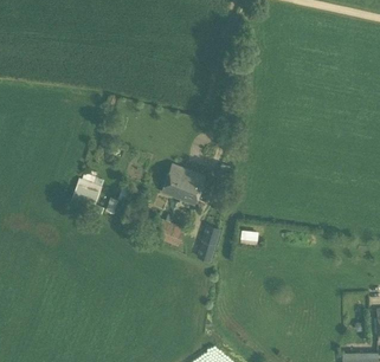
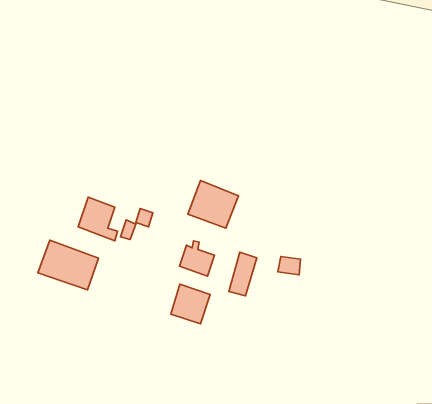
building: none -> [38,240,99,290]
building: none -> [171,284,210,324]

